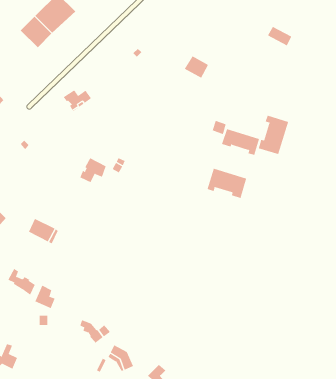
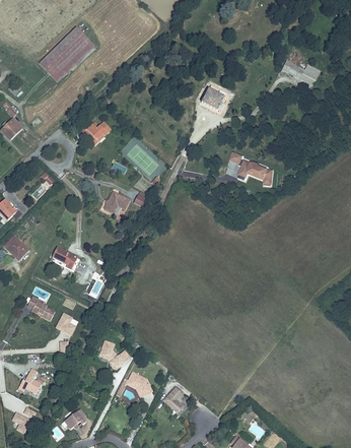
building: [258,115,289,155] -> none
building: [207,168,247,199] -> none

